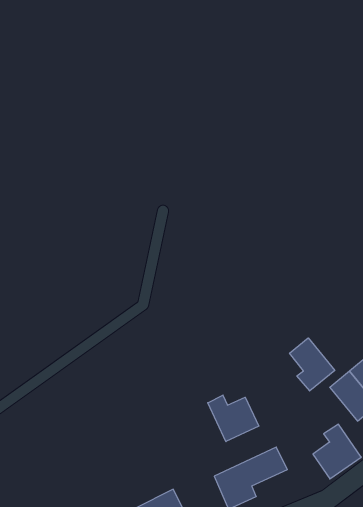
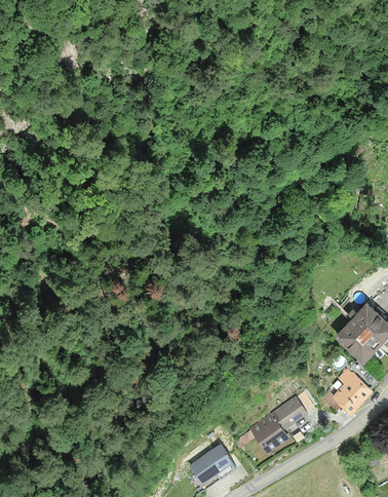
building: [290,338,335,391] -> none
building: [208,395,259,442] -> none

